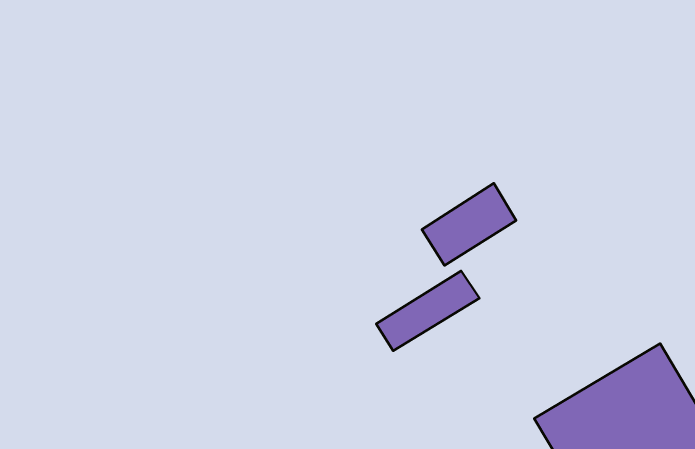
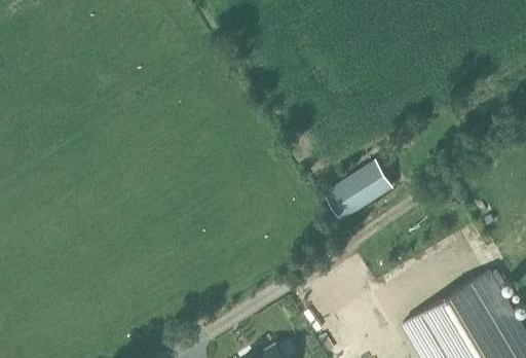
building: [376,271,479,351] -> none

